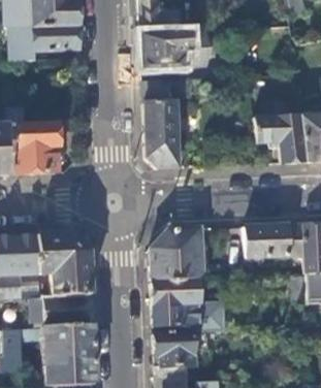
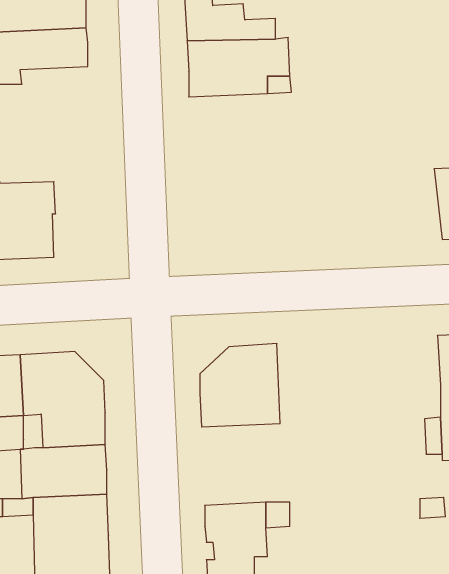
building: [145,79,193,168] -> none
building: [255,110,307,162] -> none
building: [247,223,306,257] -> none
building: [152,280,204,325] -> none

